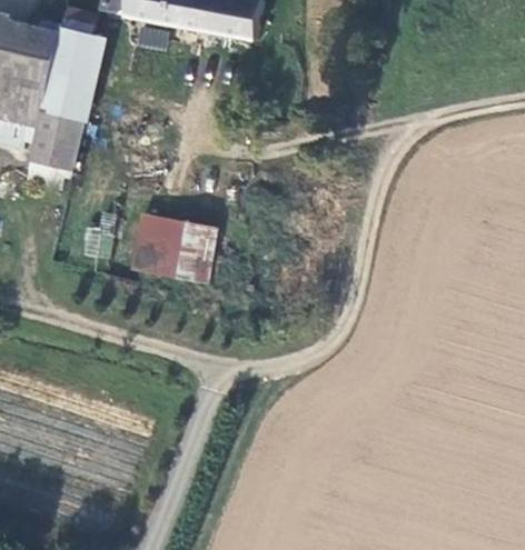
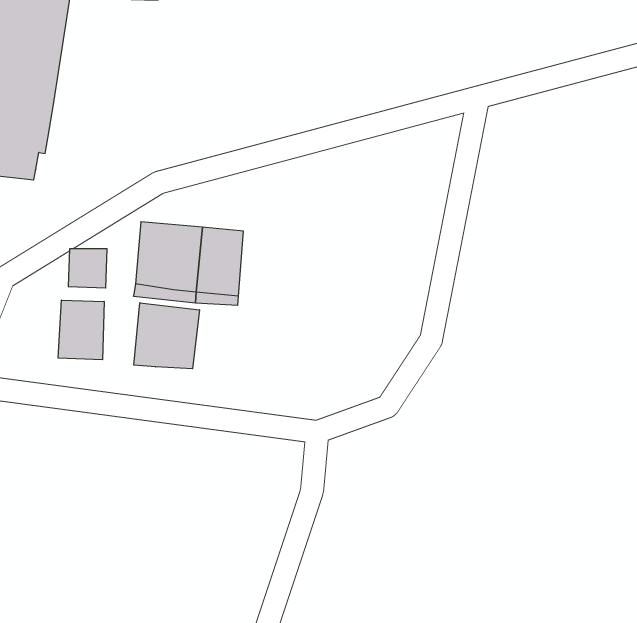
building: none -> [58,300,104,360]
building: none -> [134,303,199,369]

